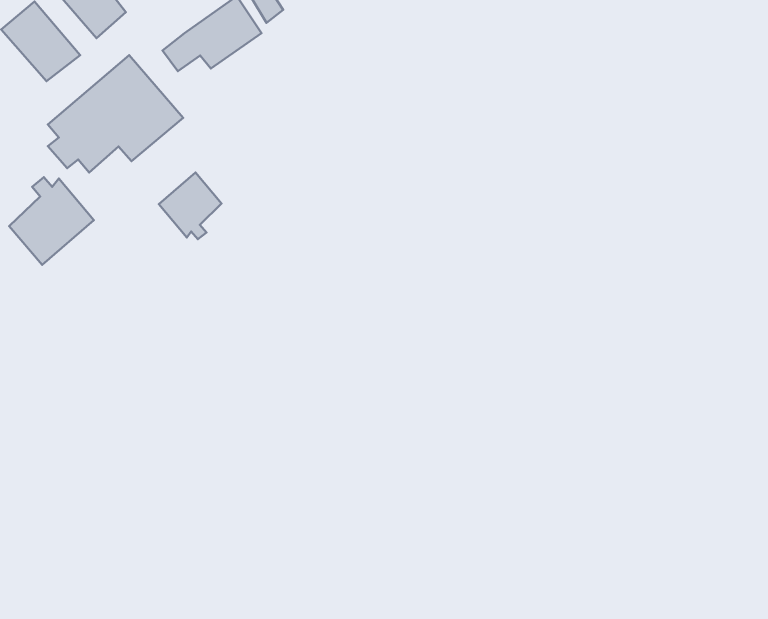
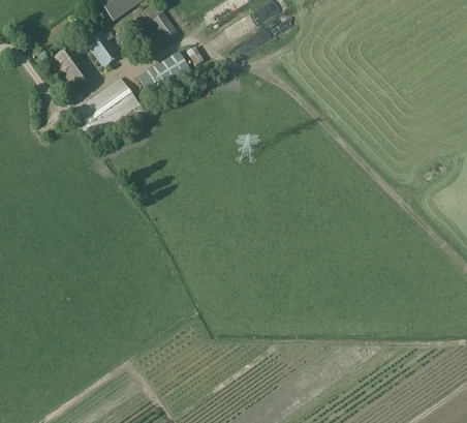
building: [159,173,222,239] -> none
building: [9,177,94,265] -> none

